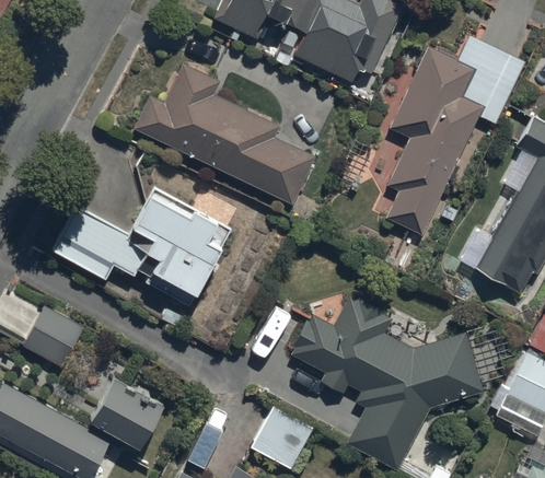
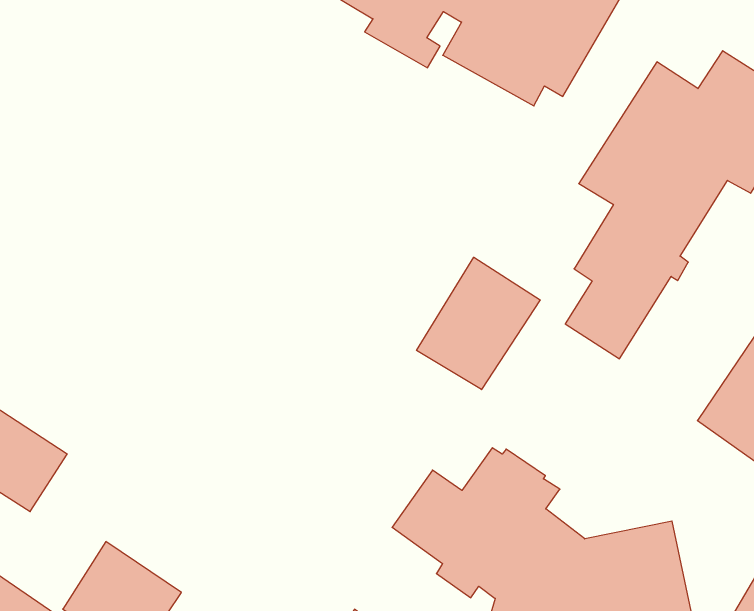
building: [132,62,314,206] -> none
building: none -> [417,257,540,390]
building: [53,186,237,305] -> none

